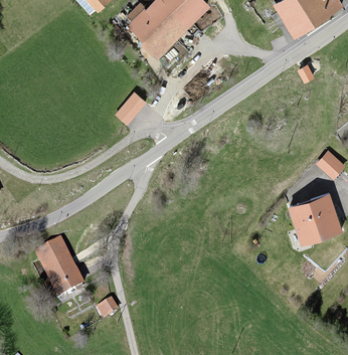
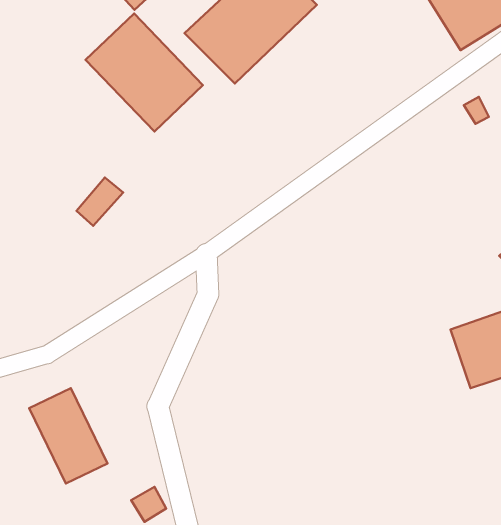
building: none -> [86,14,203,132]
building: [116,94,144,123] -> [76,177,123,226]

